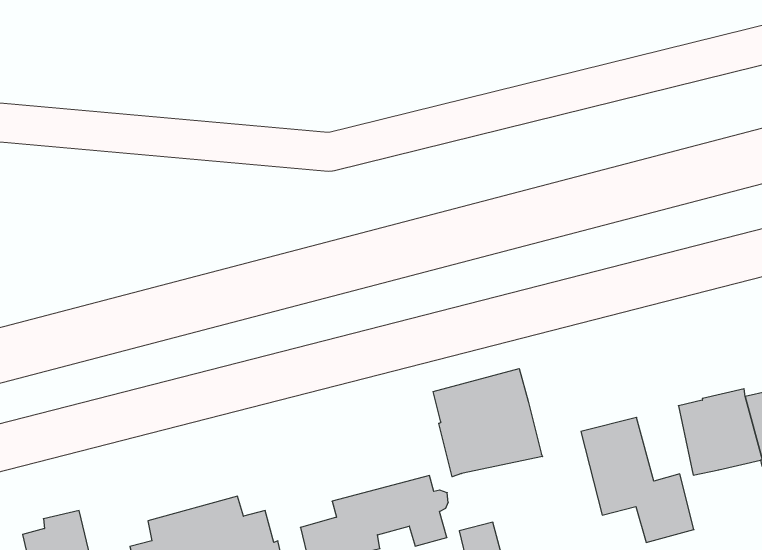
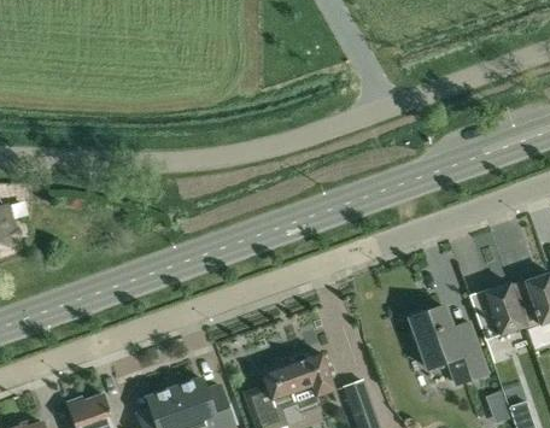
building: [433,369,543,477] -> none

